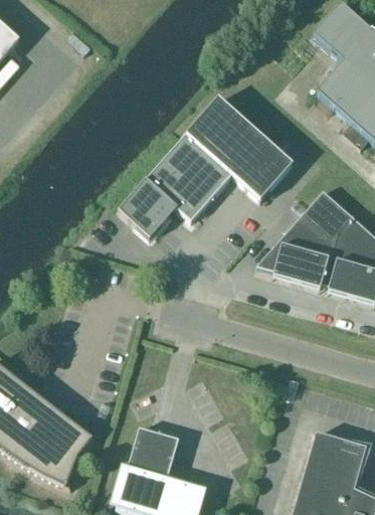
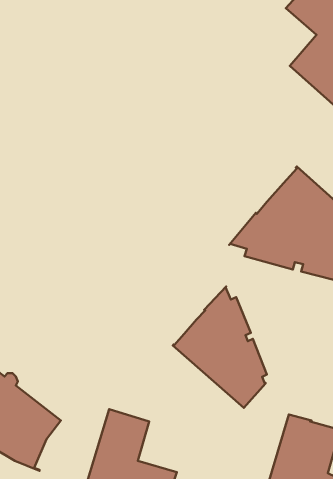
building: [118,98,294,238] -> none
building: none -> [173,286,267,408]

